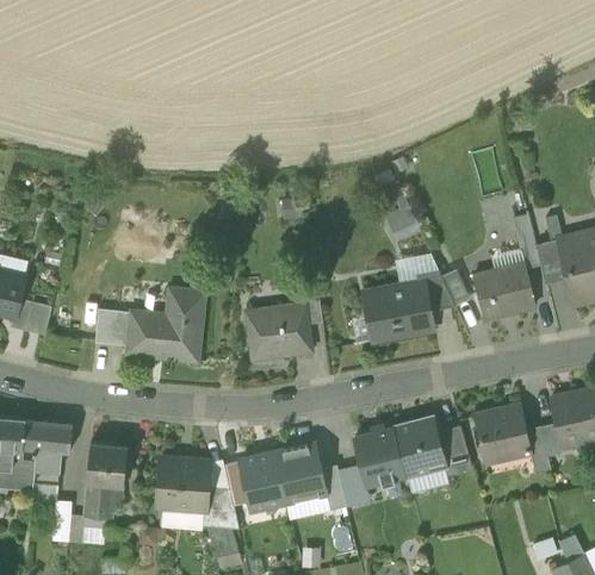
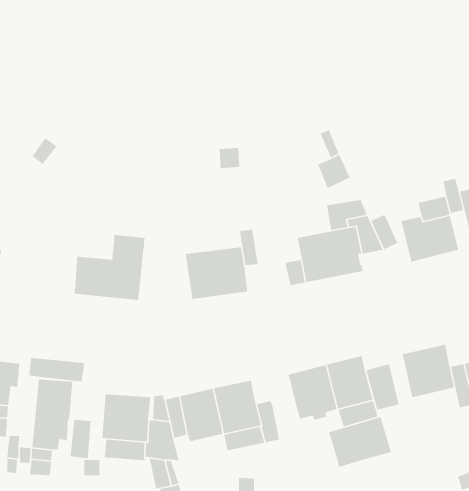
building: [95,308,131,345] -> none
building: none -> [29,357,85,382]
building: [339,465,371,506] -> none
building: none -> [328,416,392,468]
building: none -> [70,419,91,459]

